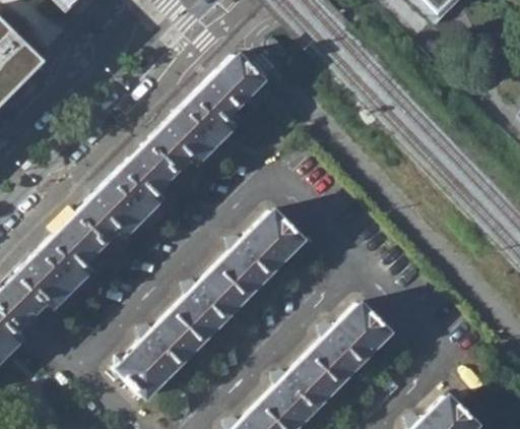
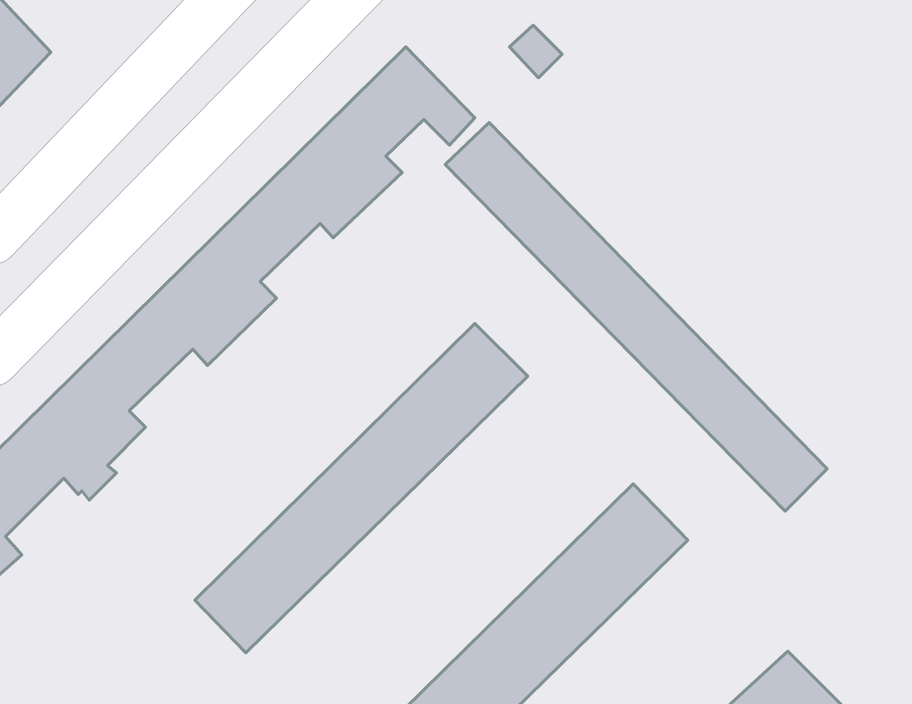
building: none -> [445,123,827,511]

